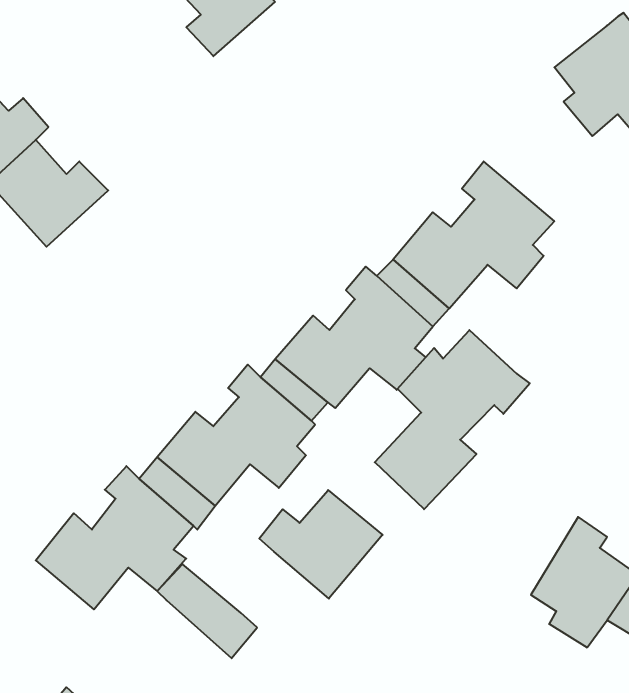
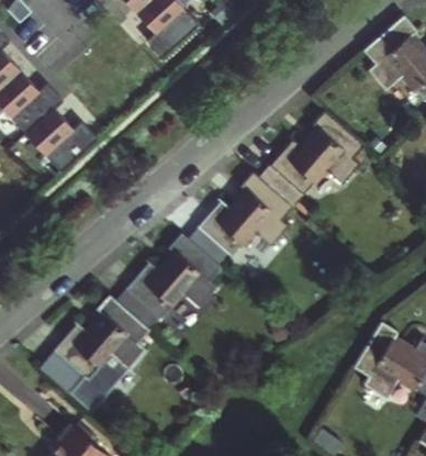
building: [375,330,530,509] -> none
building: [259,490,383,599] -> none
building: [157,564,257,658] -> [37,353,98,410]

